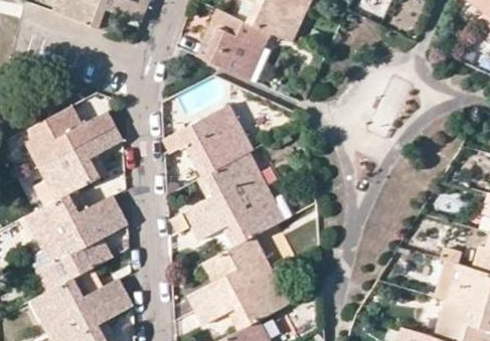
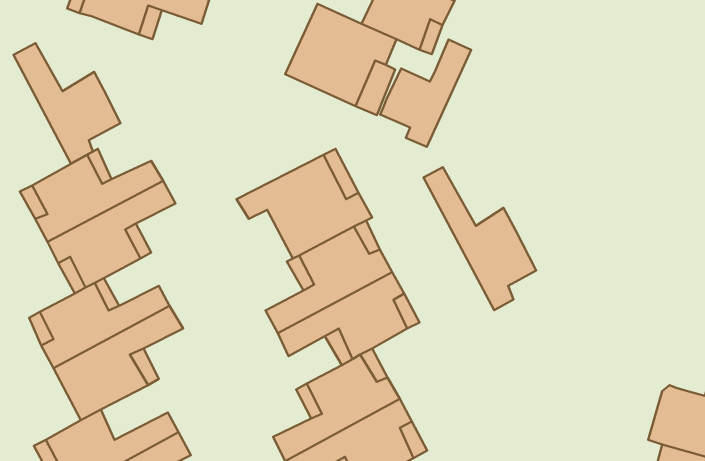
building: none -> [380,39,471,147]
building: none -> [14,43,120,163]
building: none -> [424,167,536,310]

